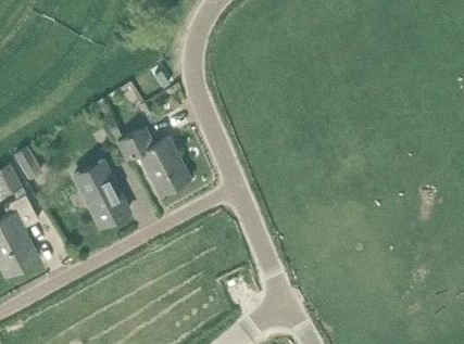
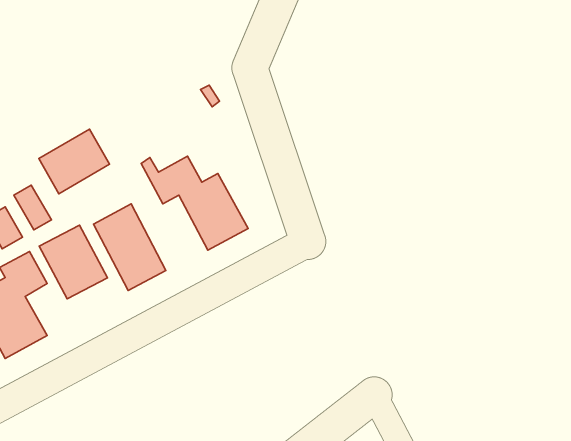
building: none -> [39,129,109,194]
building: none -> [39,225,108,299]

